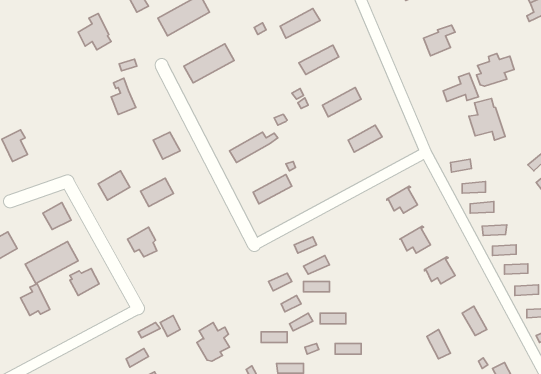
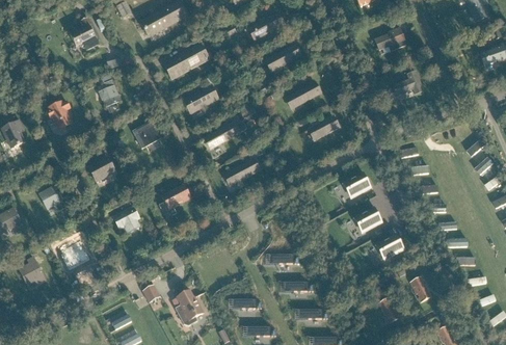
building: [476,53,514,86] -> none
building: none -> [184,86,217,114]
building: [469,99,505,140] -> none
building: none -> [47,99,72,129]
building: [141,178,174,206] -> [161,185,190,210]
building: [25,242,78,283] -> none

